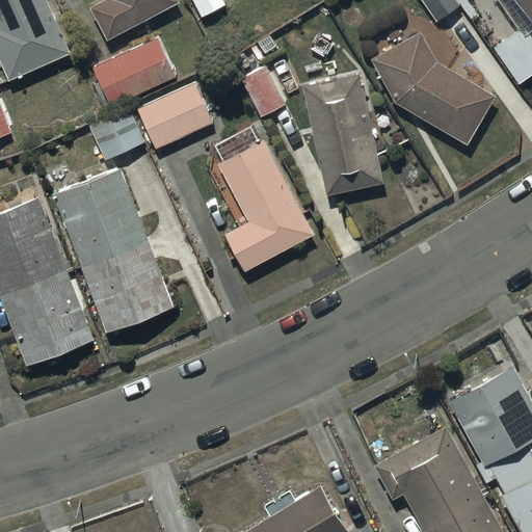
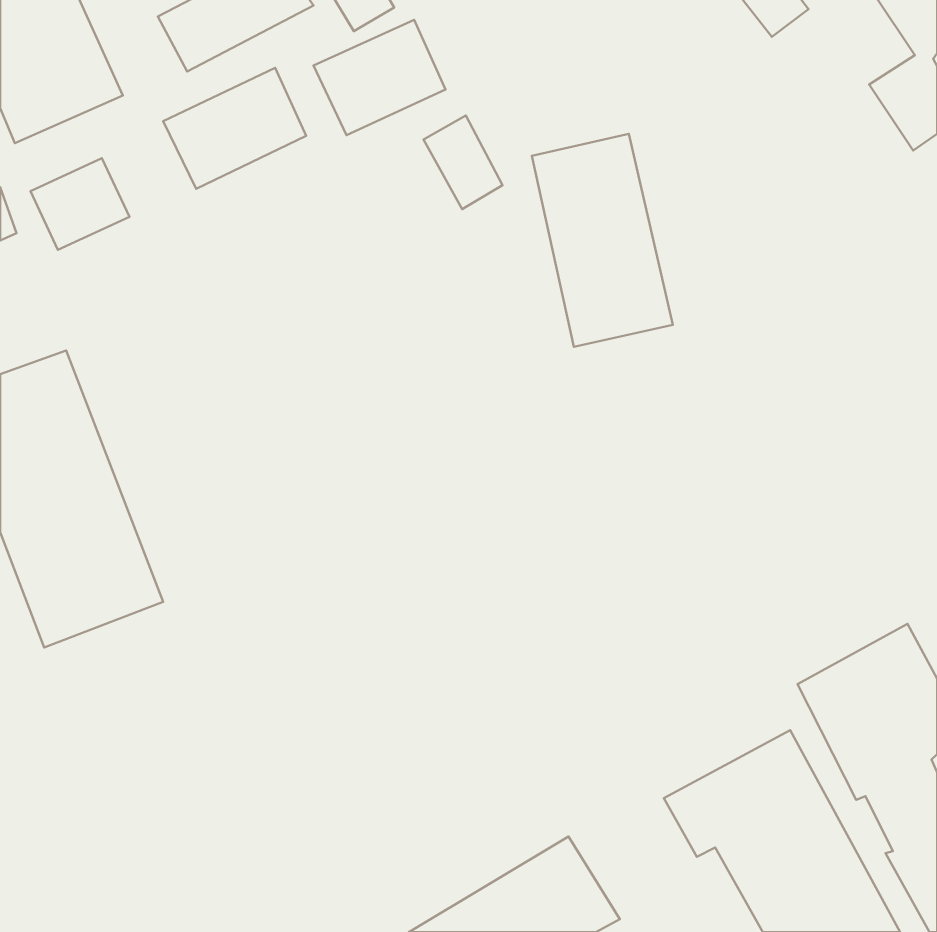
building: [370,34,493,145] -> none
building: [137,83,212,149] -> [313,20,445,135]
building: [88,107,144,159] -> [30,158,129,250]
building: [217,141,313,273] -> none
building: [52,170,171,335] -> none

